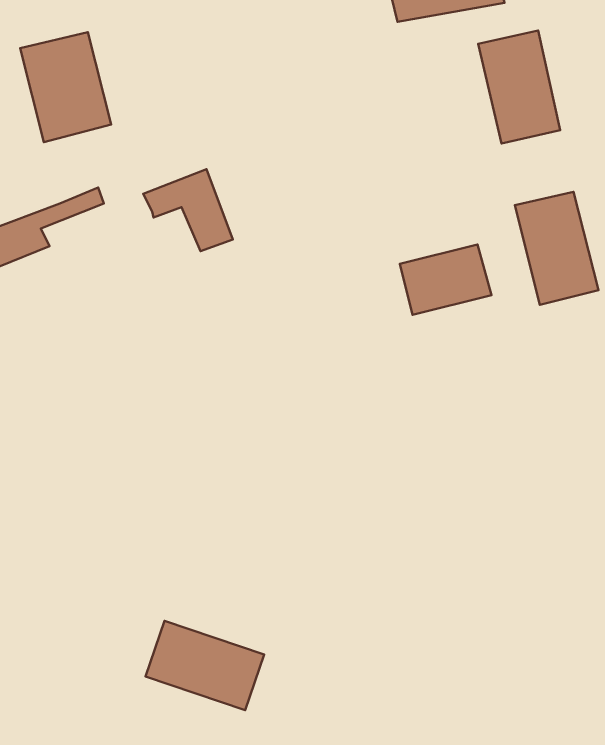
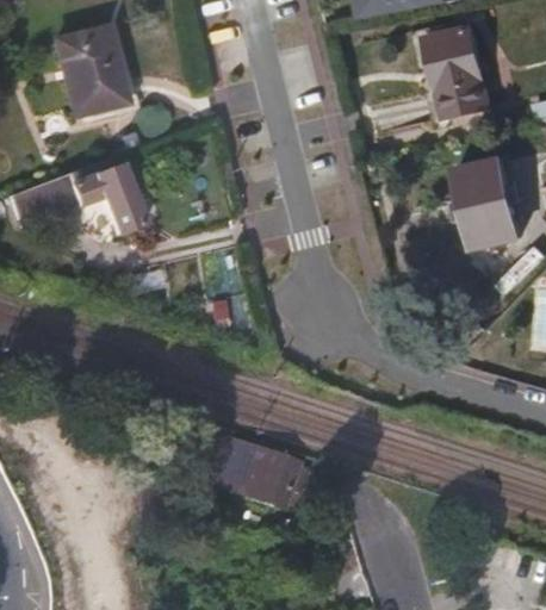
building: [143,169,233,251] -> [69,168,142,235]
building: [400,245,491,315] -> none
building: [145,621,264,710] -> [203,435,299,508]

